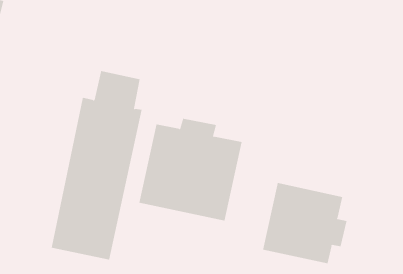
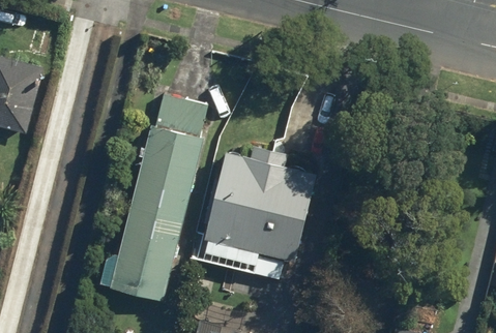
building: [262,182,347,264] -> none

